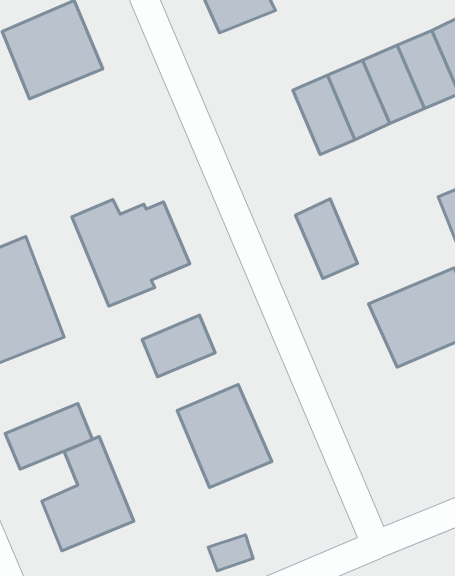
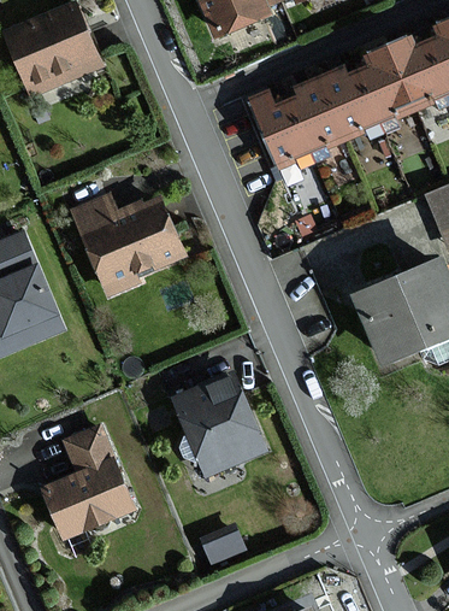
building: [295,199,358,278] -> [252,89,312,166]
building: [142,315,215,377] -> none
building: [5,404,93,469] -> none

